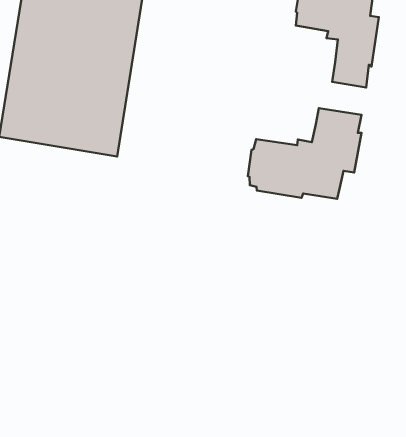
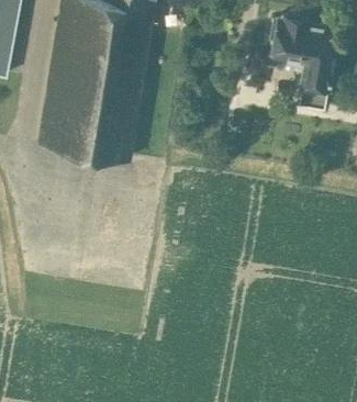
building: [248,108,362,199] -> none

